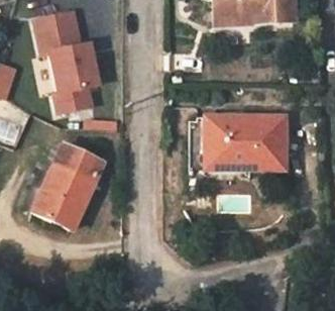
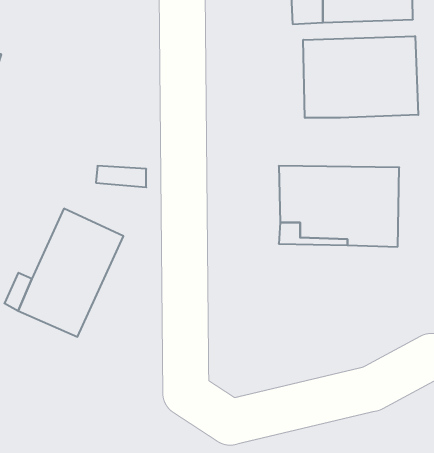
building: [35,14,98,115] -> none
building: none -> [303,36,418,118]

